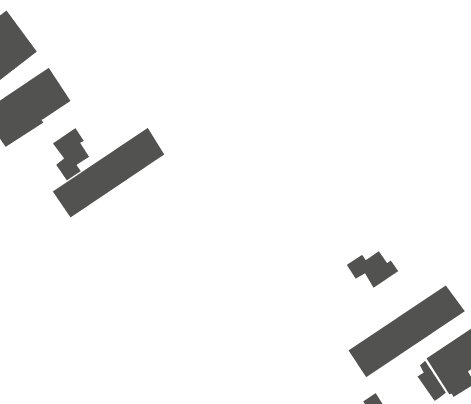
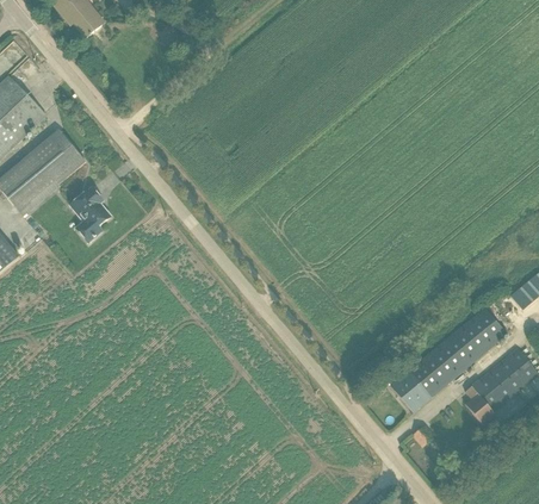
building: [52,127,165,219] -> none
building: [346,250,399,289] -> none

